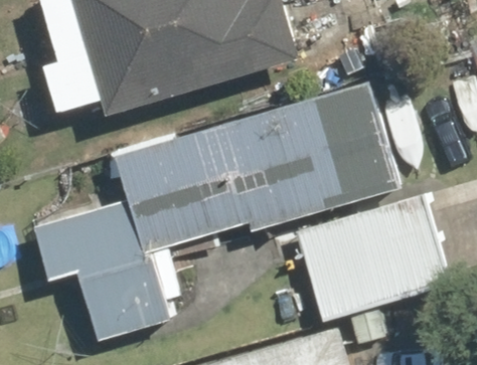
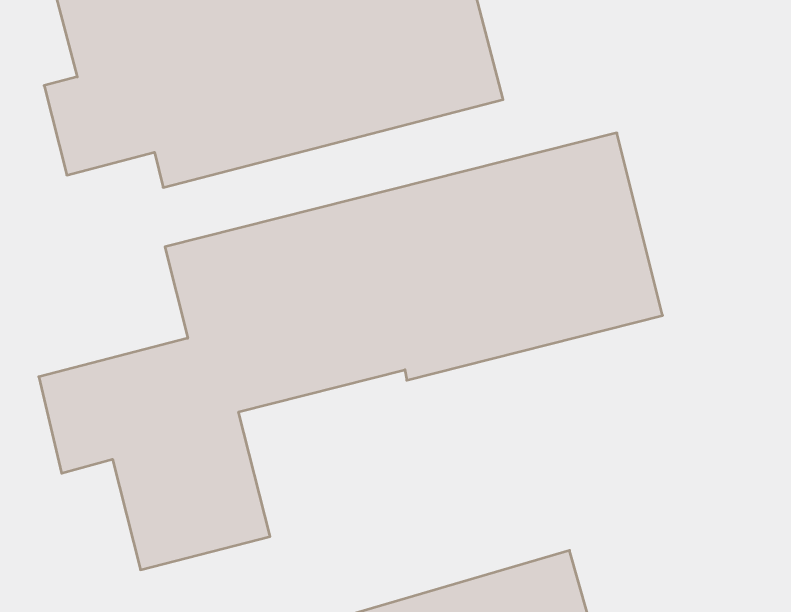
building: [295,196,450,322] -> none

